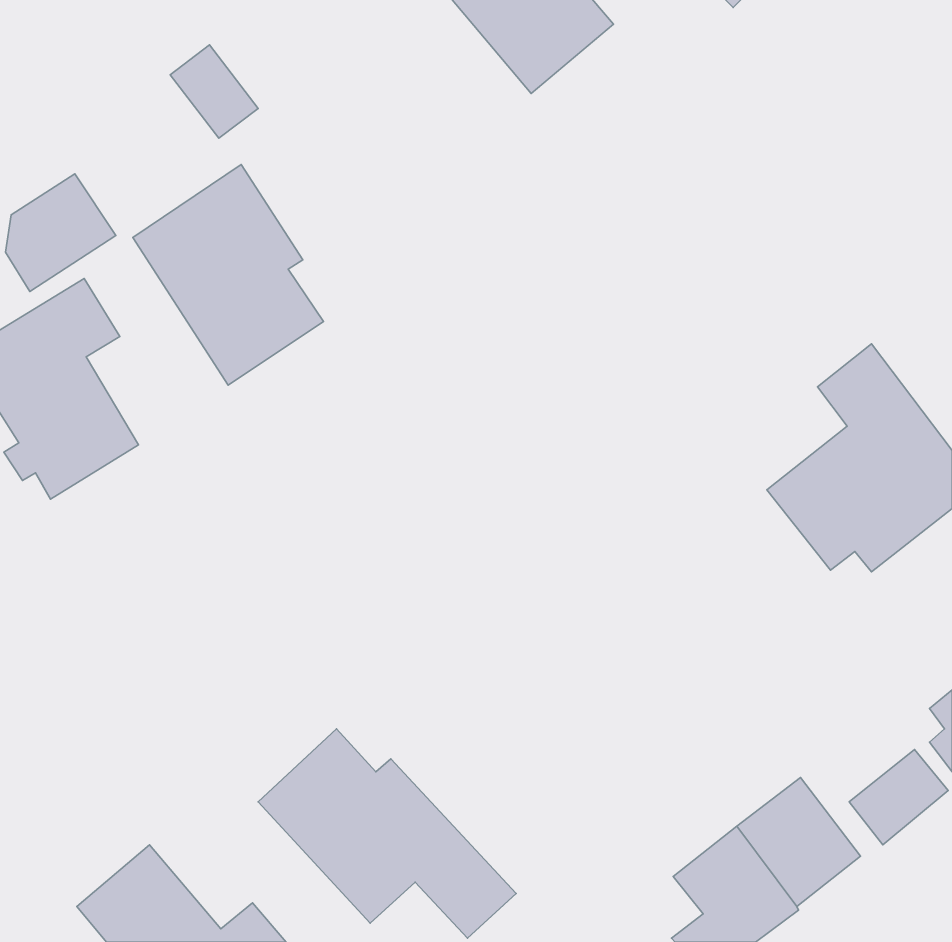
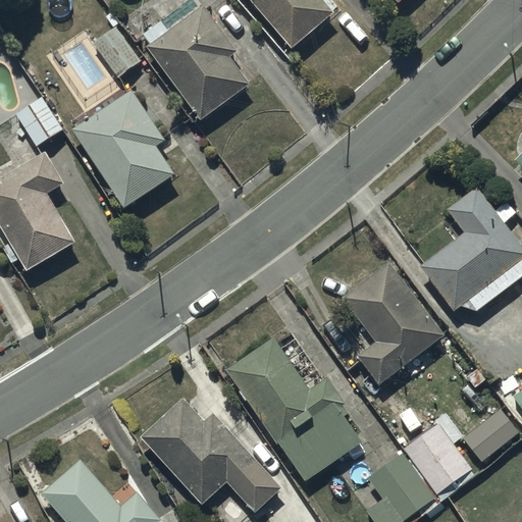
building: none -> [143,5,251,121]
building: none -> [342,263,443,384]
building: none -> [226,336,362,482]

